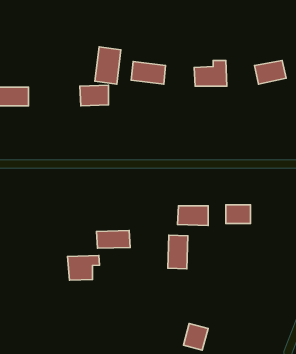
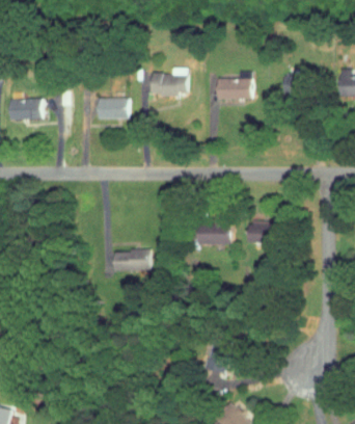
building: [95,47,121,84] -> none
building: [168,235,188,269] -> none
building: [67,255,100,280] -> none

